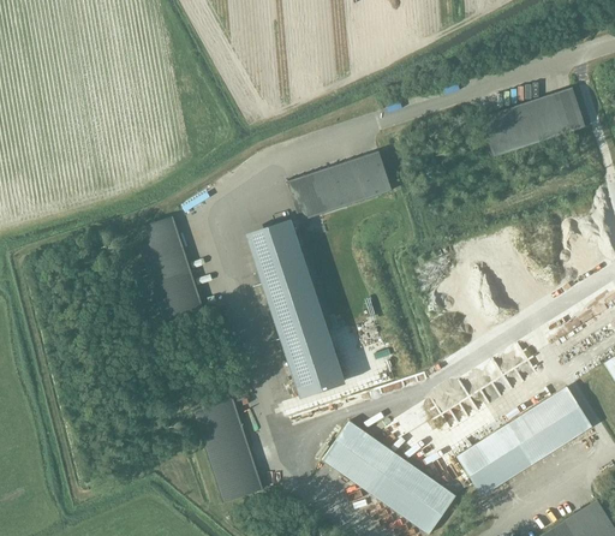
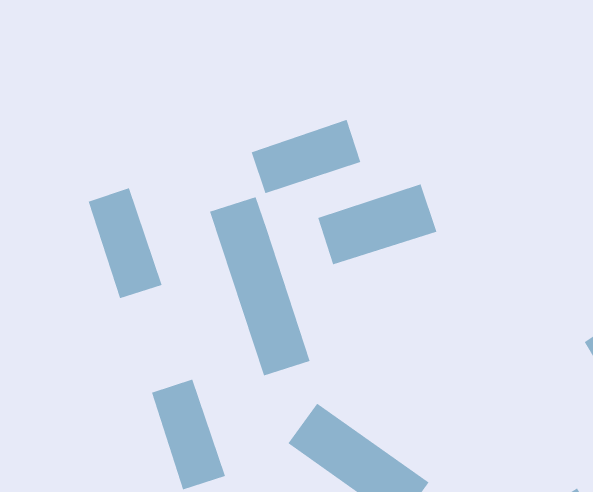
building: [480,88,585,157] -> none
building: none -> [318,183,437,265]
building: [456,386,591,495] -> none

